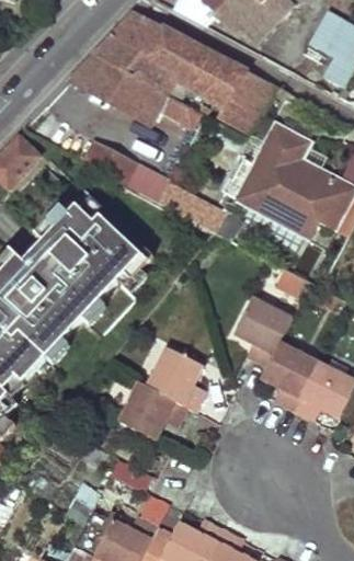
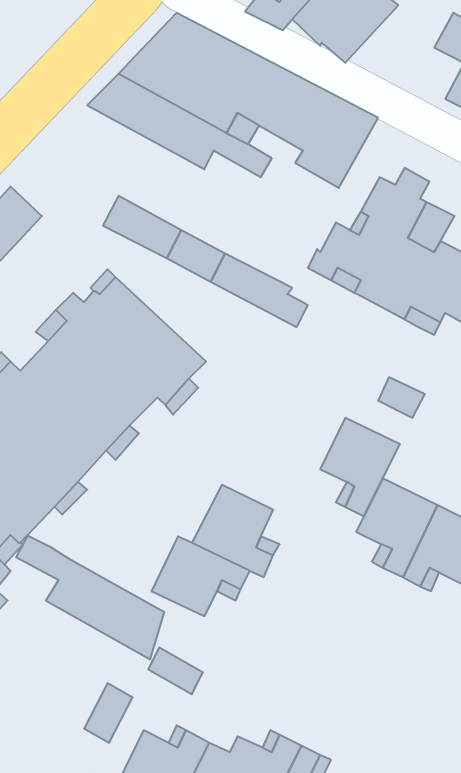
building: none -> [16,536,164,659]

